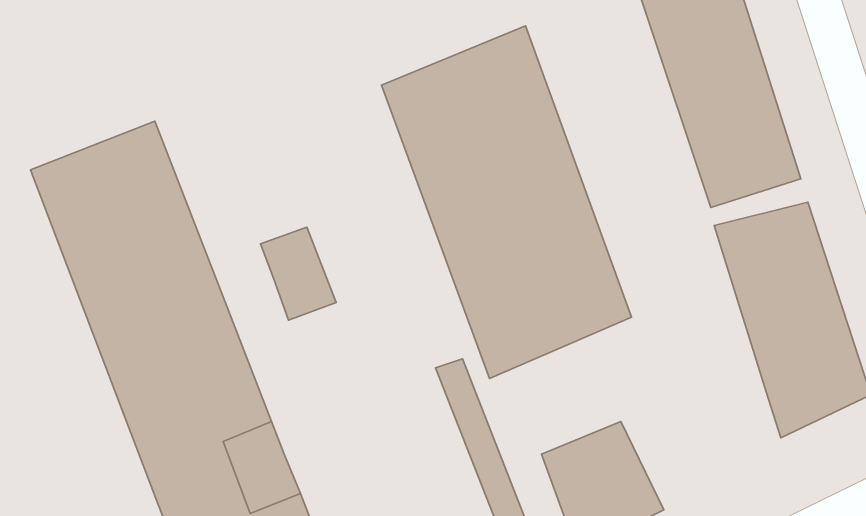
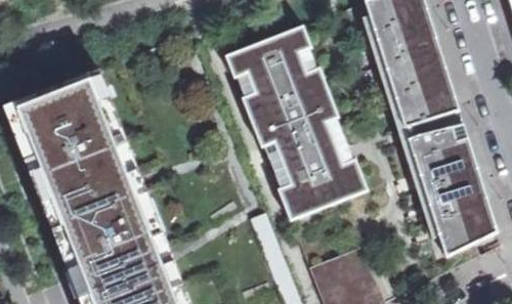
building: none -> [362,13,462,237]
building: [260,227,336,320] -> none

